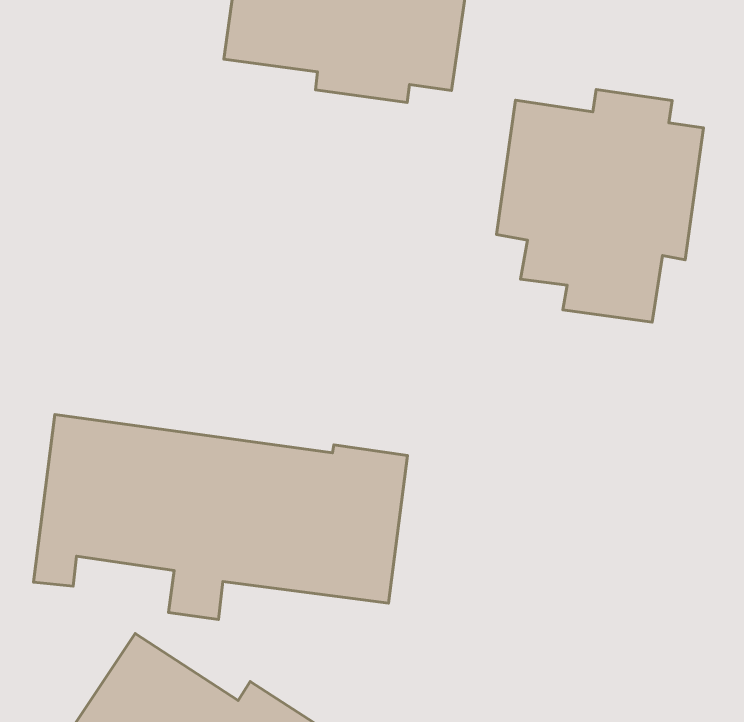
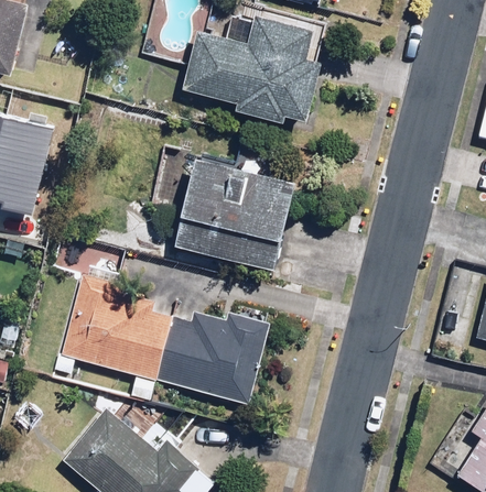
building: [497,90,703,322] -> none
building: none -> [174,158,302,274]

